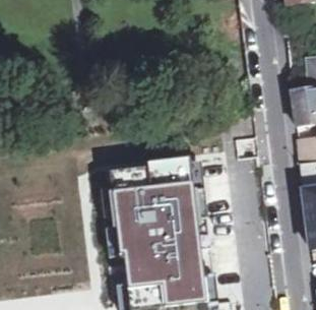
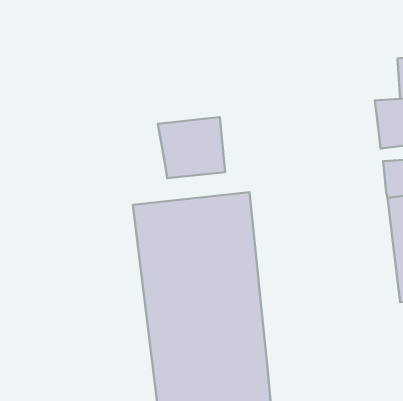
building: none -> [158,117,225,178]

